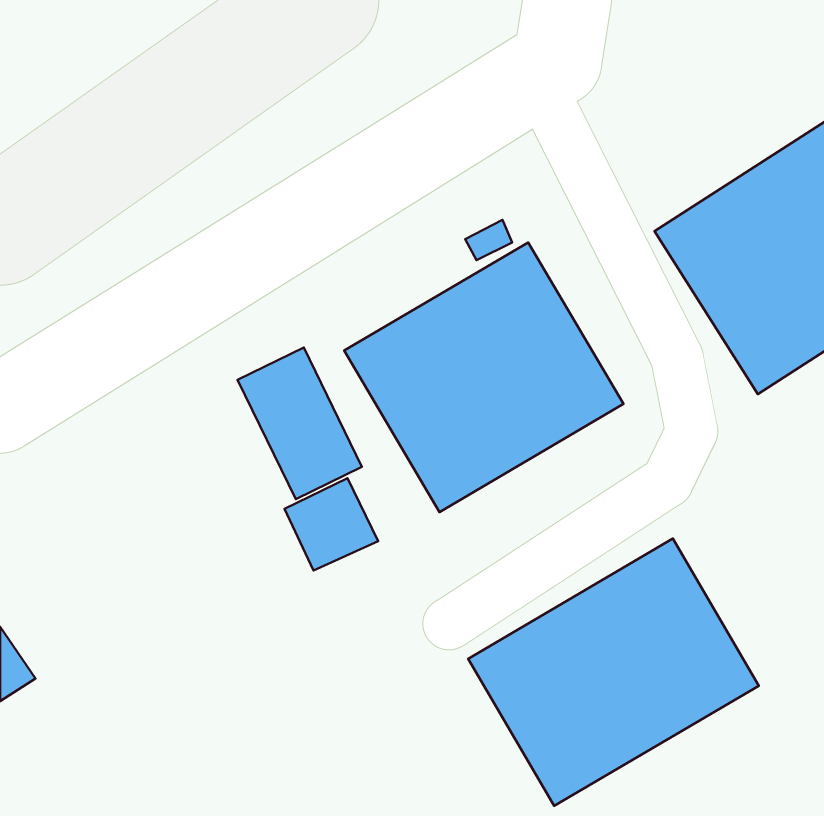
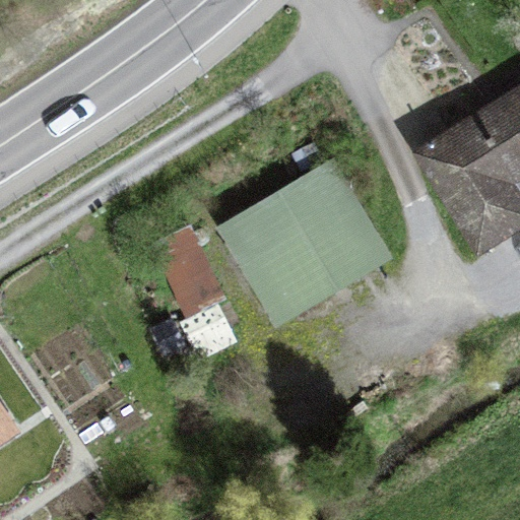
building: [468,539,759,806] -> none

